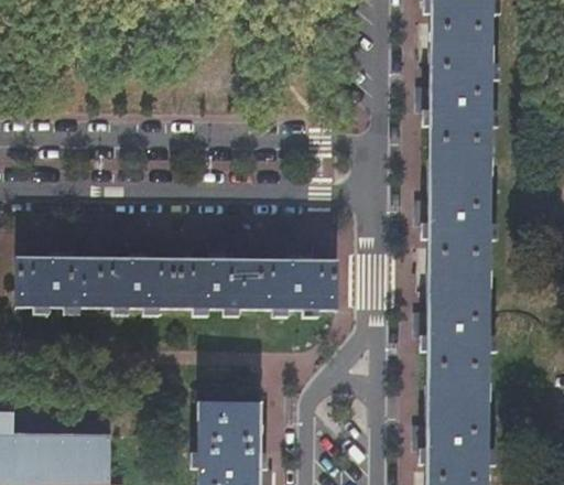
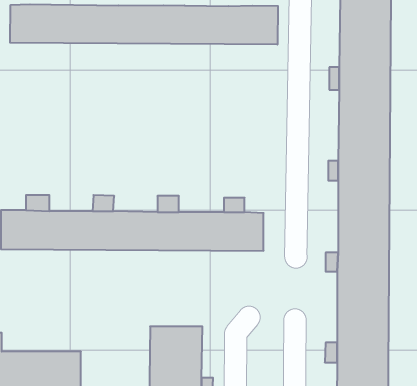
building: none -> [10,4,278,45]

